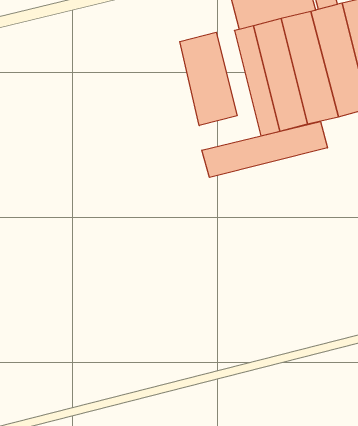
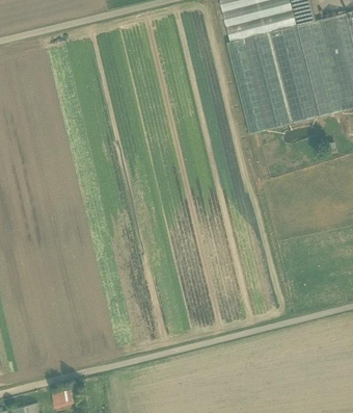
building: [180,32,237,126] -> none
building: [202,121,327,177] -> none

